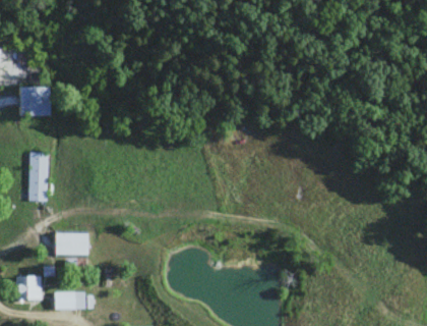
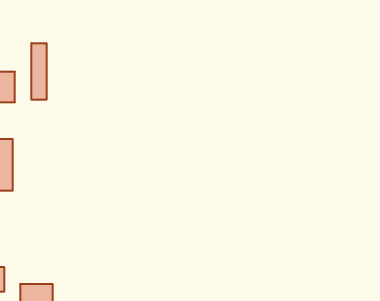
building: none -> [31,43,46,100]
building: [55,234,88,258] -> none

